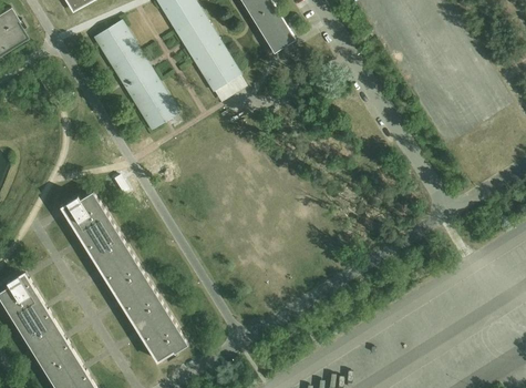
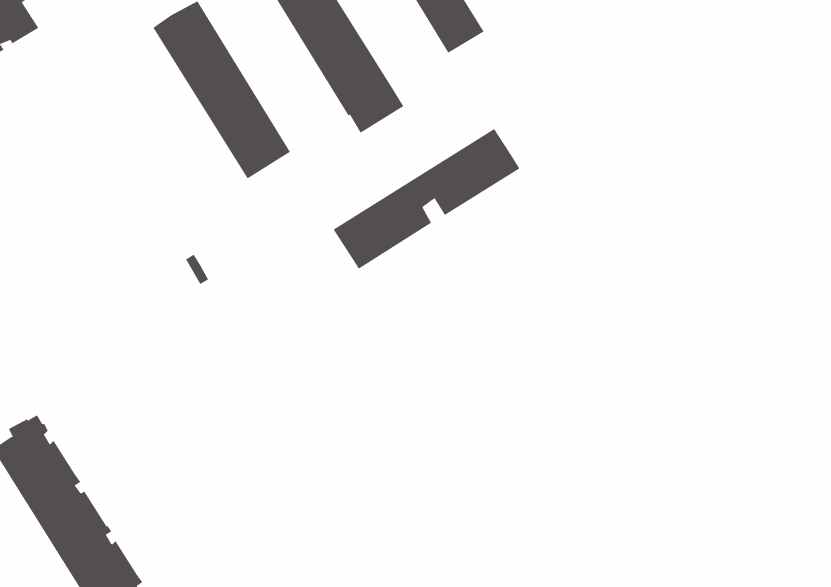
building: none -> [333,128,520,270]
building: [61,192,187,360] -> none

